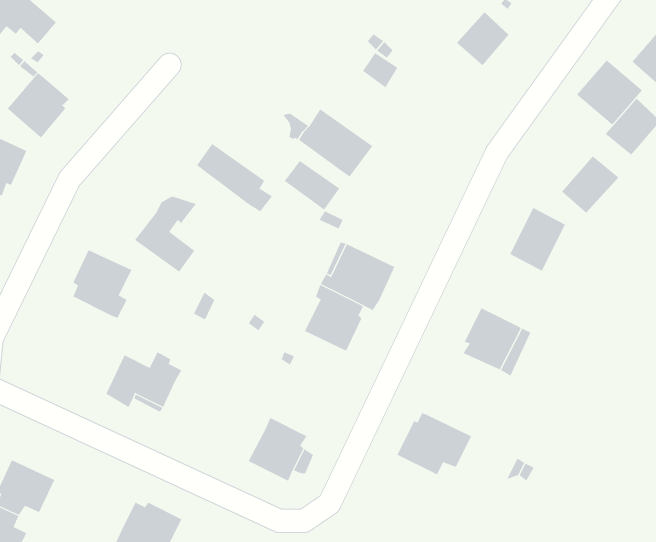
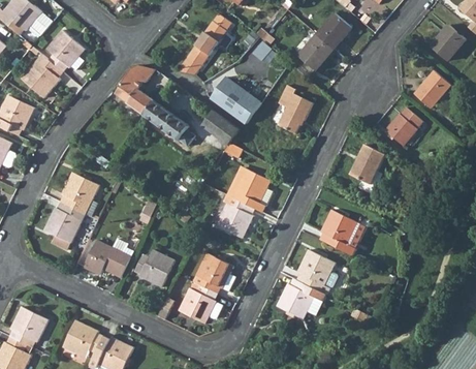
building: none -> [177,13,230,75]
building: none -> [44,28,83,71]
building: none -> [296,34,332,71]
building: [576,59,643,125] -> none
building: none -> [276,85,312,134]
building: [134,196,197,273] -> [114,64,155,115]
building: none -> [44,202,87,250]
building: none -> [134,249,176,287]
building: none -> [295,250,337,294]
building: none -> [192,253,233,294]
building: none -> [63,320,103,358]

